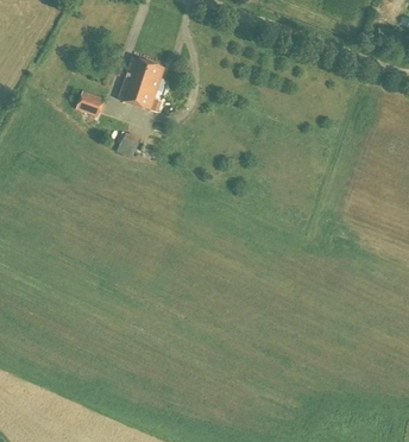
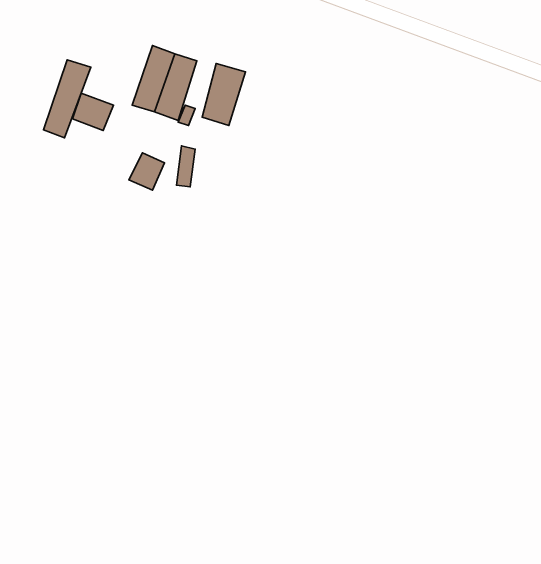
building: none -> [44,60,91,138]
building: none -> [202,63,246,125]

